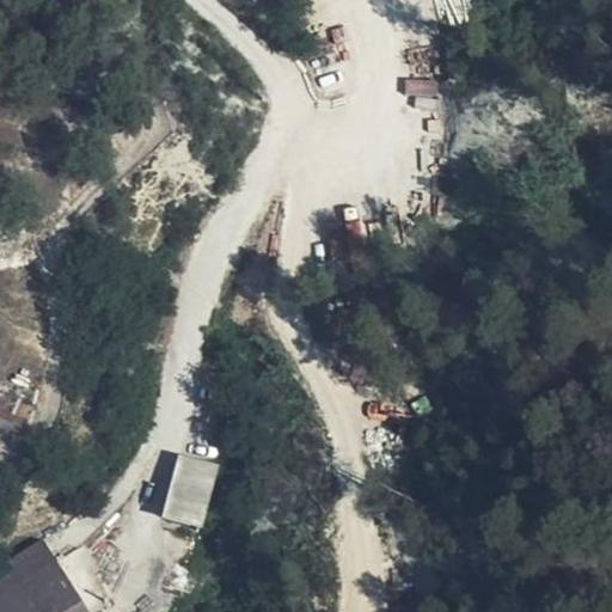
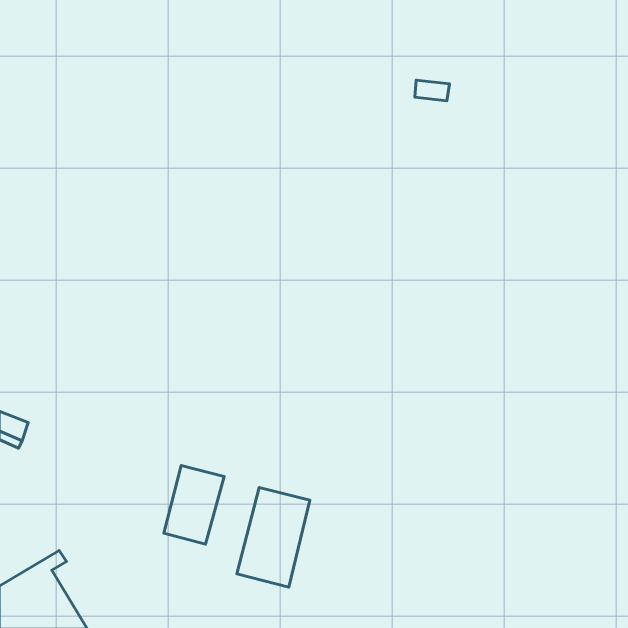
building: none -> [237,488,310,587]

